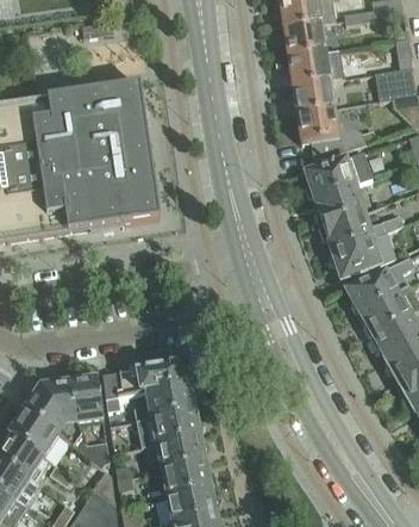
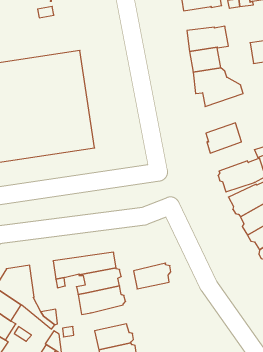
building: [282,21,325,55] -> none
building: [304,151,370,197] -> none
building: [319,209,370,249] -> none
building: [70,378,102,423] -> none
building: [155,434,206,470] -> [134,263,171,289]

